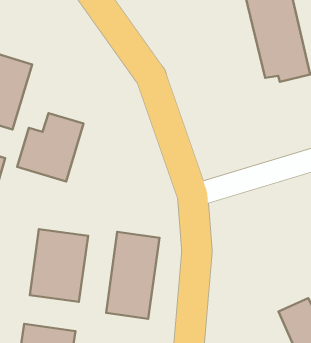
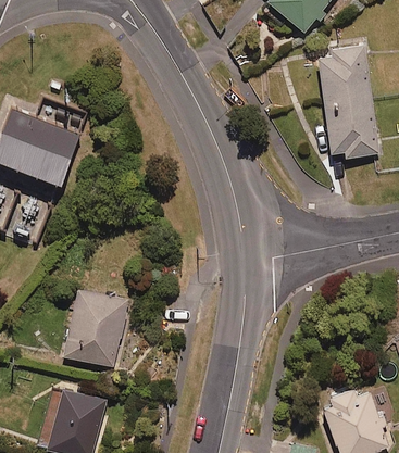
building: [17,113,84,181] -> none
building: [106,232,159,319] -> none

